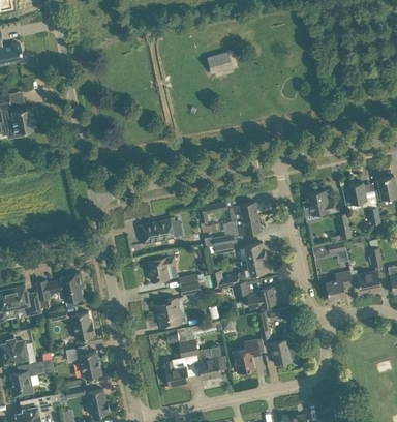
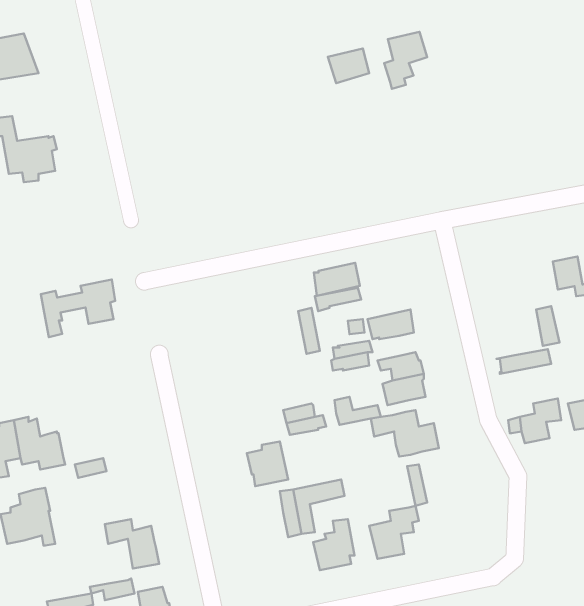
building: none -> [384,32,427,89]
building: [308,190,338,212] -> none
building: [230,201,258,221] -> [314,263,360,296]
building: [140,218,174,243] -> none
building: [147,255,175,281] -> none
building: [36,272,83,308] -> [41,279,115,337]
building: [72,311,95,339] -> none
building: [271,339,299,364] -> none
building: [11,359,54,396] -> none
building: [165,360,189,386] -> none

